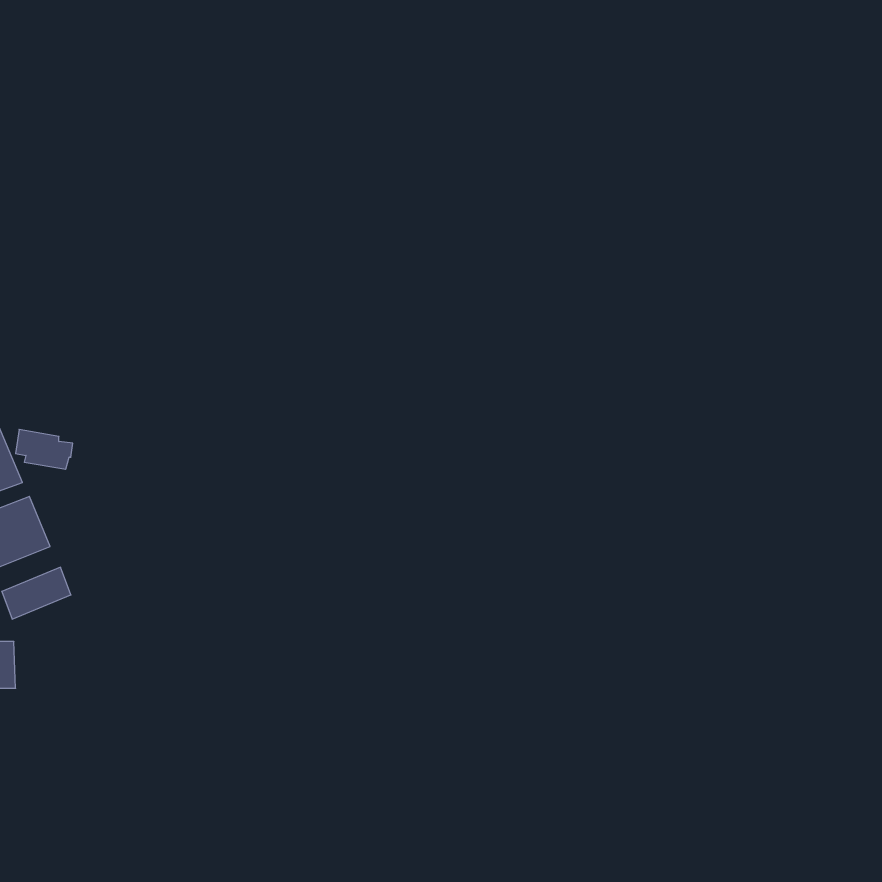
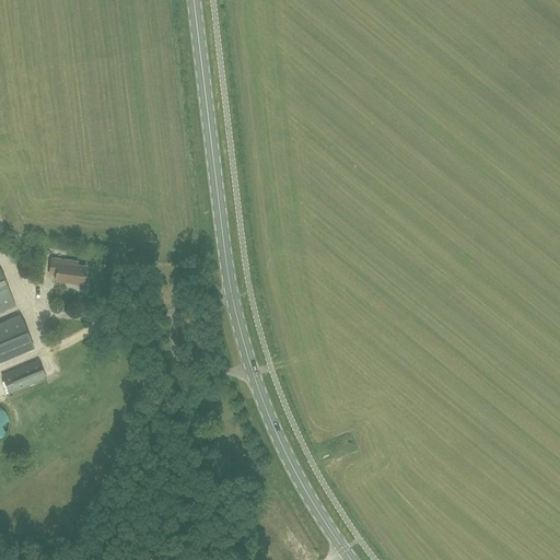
building: [16,429,73,469] -> [48,257,84,282]

